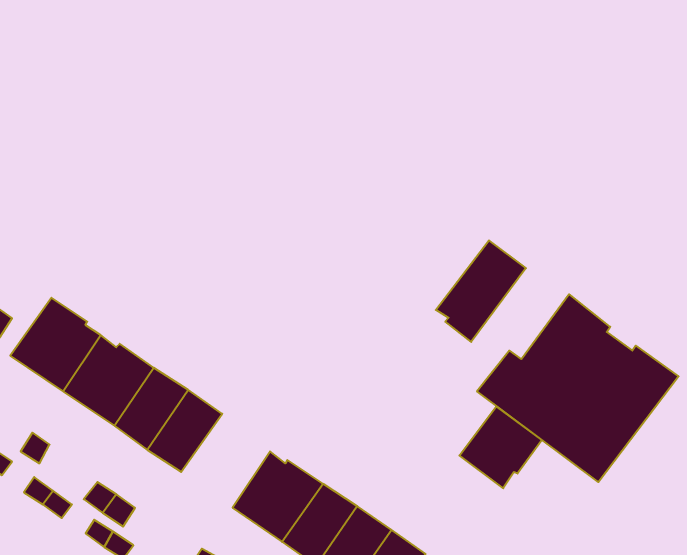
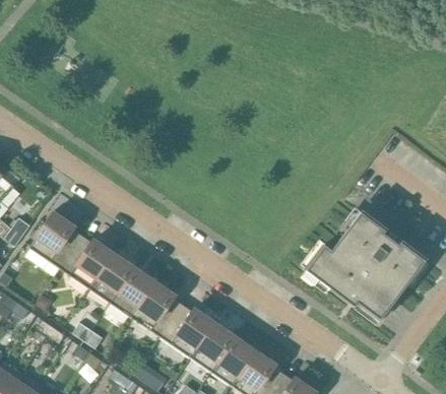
building: [436,240,526,342] -> none
building: [459,406,542,488] -> none
building: none -> [131,281,184,337]

